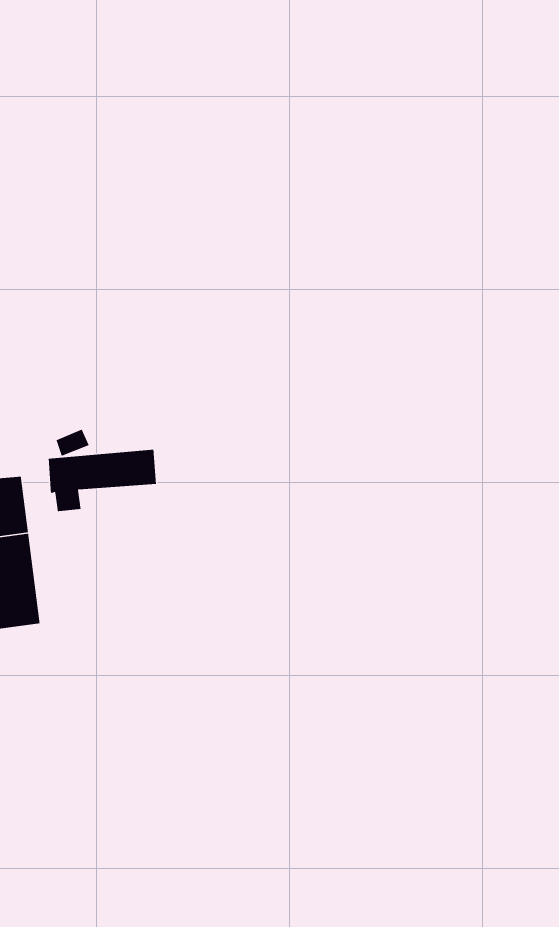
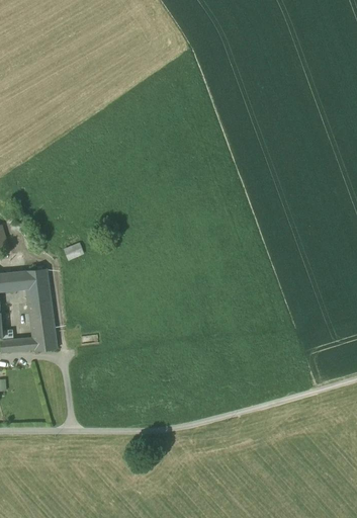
building: [48,449,157,512] -> none

